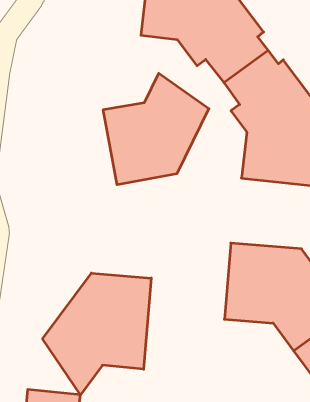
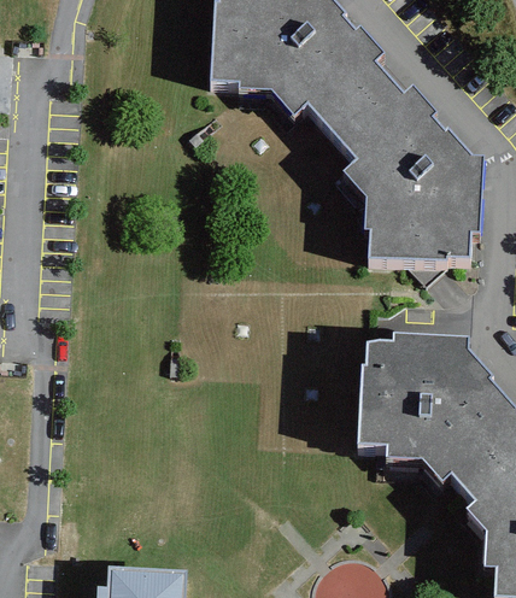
building: [103,73,209,185] -> none
building: [43,273,151,395] -> none

